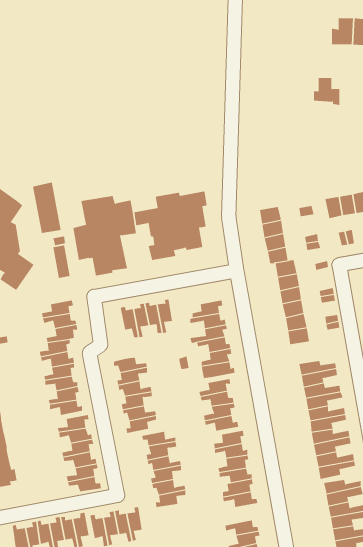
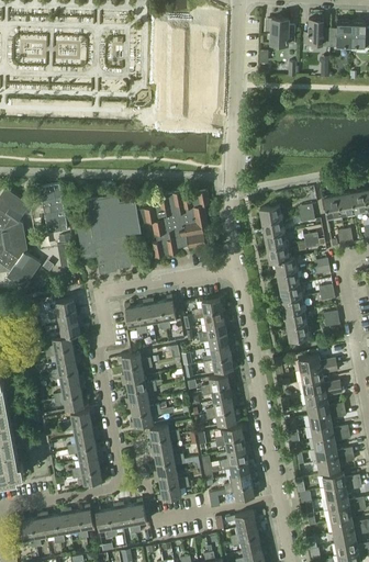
building: none -> [270,20,294,45]
building: [313,77,340,105] -> [303,21,329,48]

